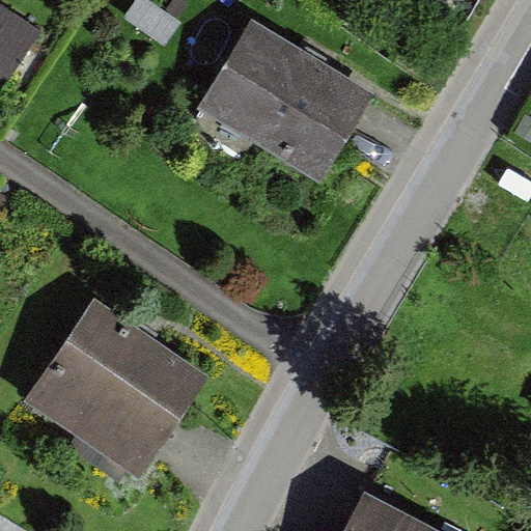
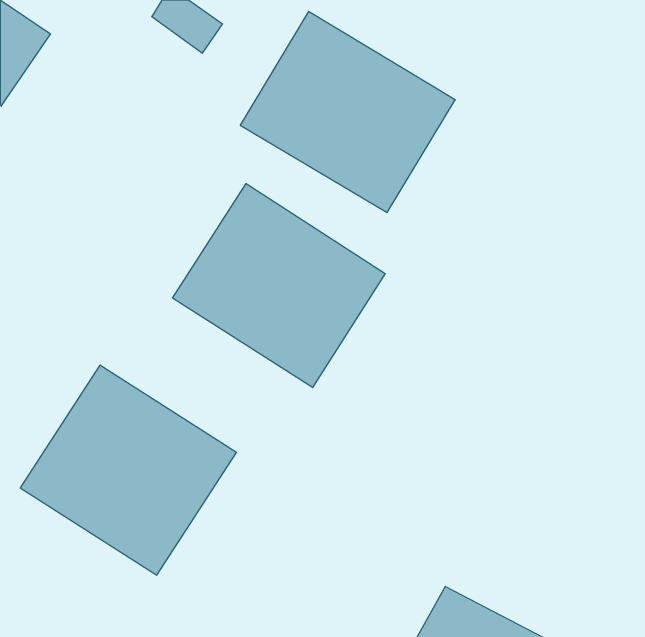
building: none -> [173,184,385,388]

